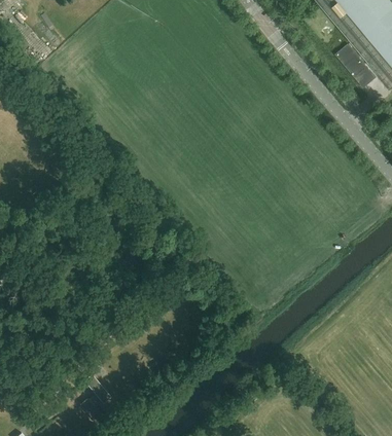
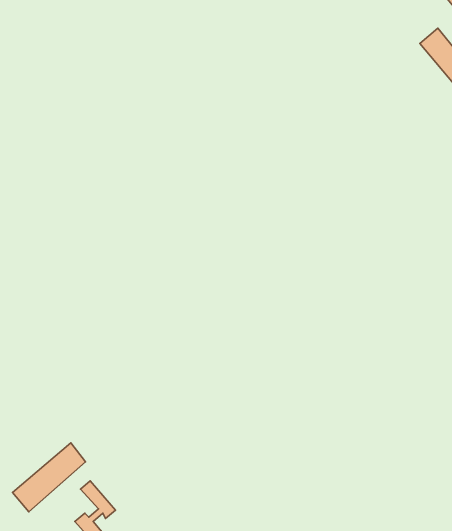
building: none -> [12,443,86,512]

